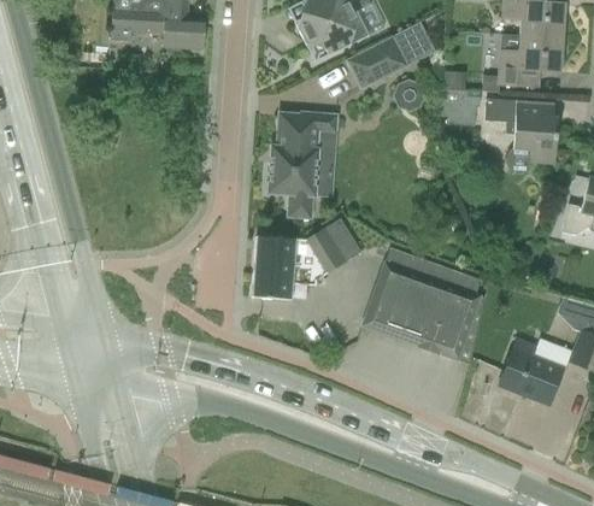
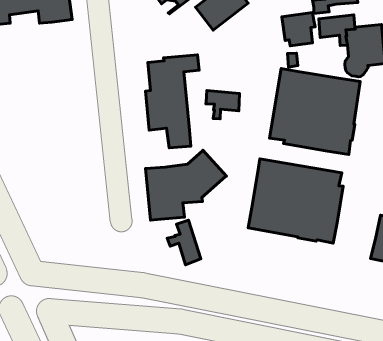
building: none -> [269,68,360,155]
building: none -> [206,91,240,119]
building: none -> [167,220,201,265]

